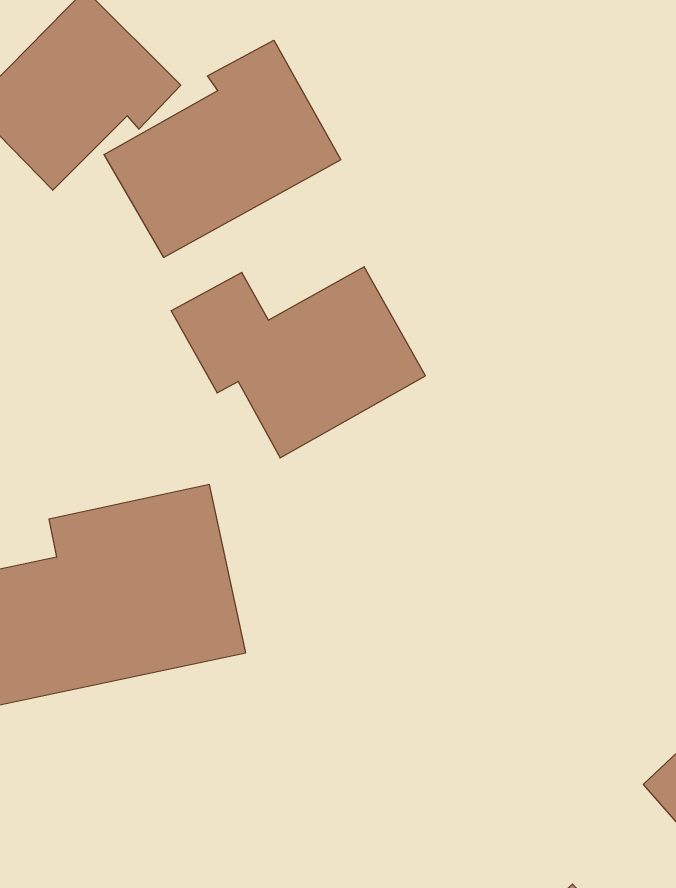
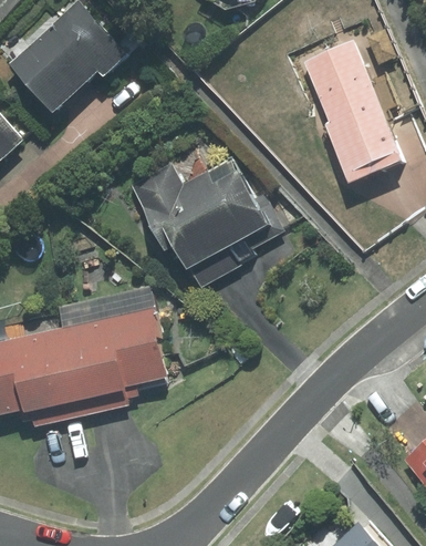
building: [104,40,341,257] -> none
building: none -> [297,38,405,187]

